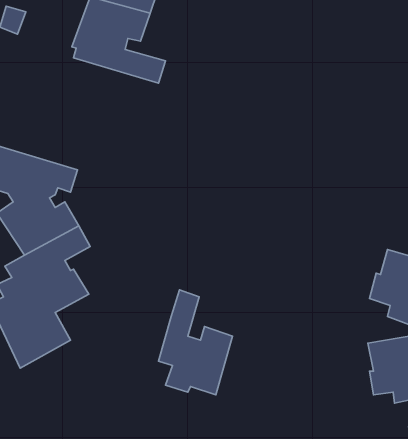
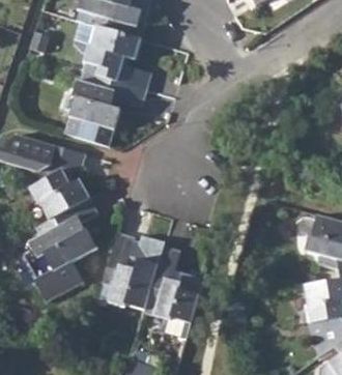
building: none -> [64,74,146,147]
building: none -> [102,233,155,310]

